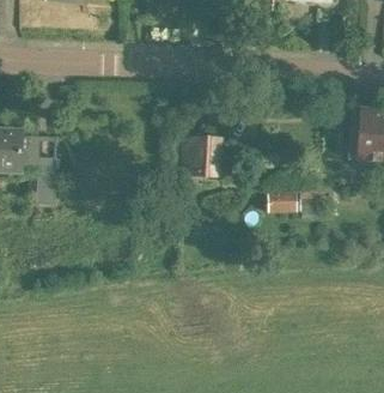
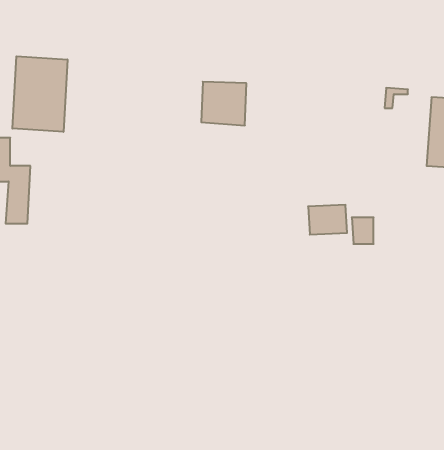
building: none -> [12,56,67,132]
building: [182,139,217,173] -> [201,82,246,125]

